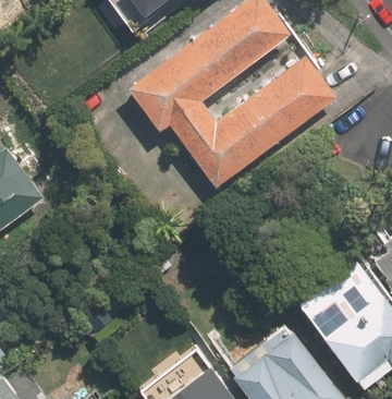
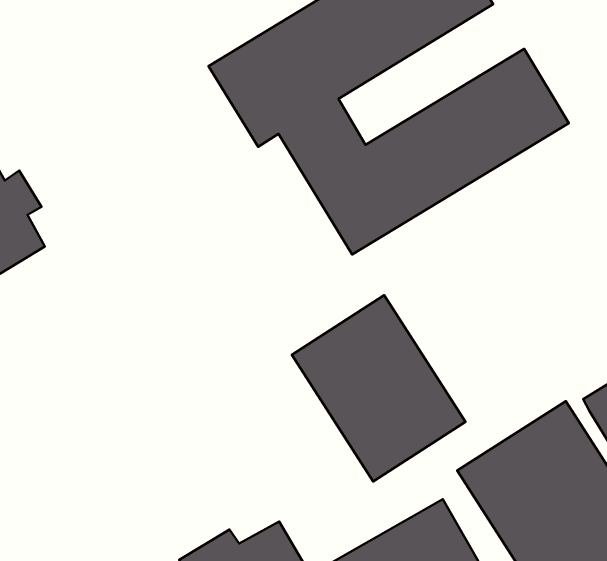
building: none -> [292,295,466,482]

